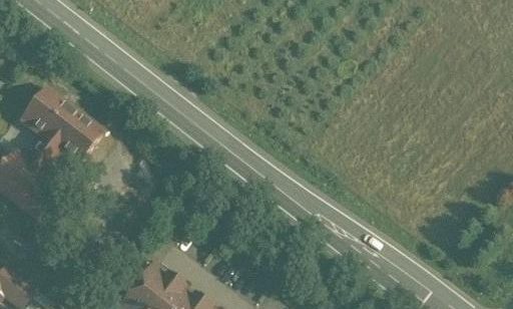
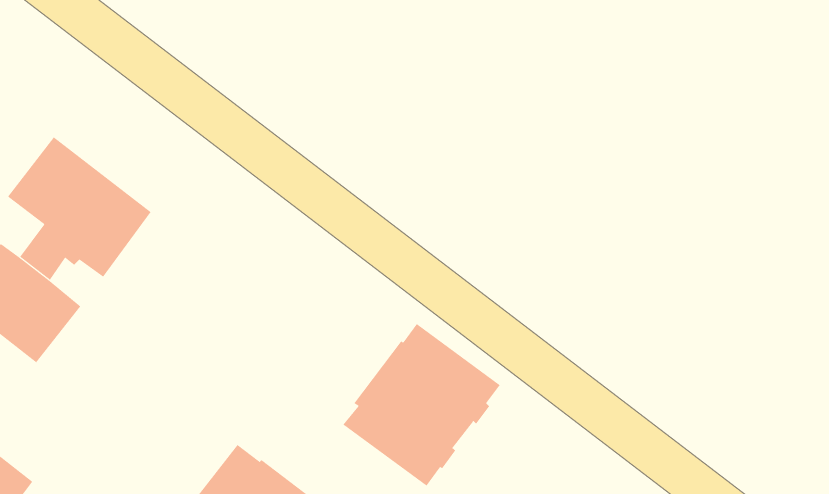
building: none -> [343,323,501,486]

